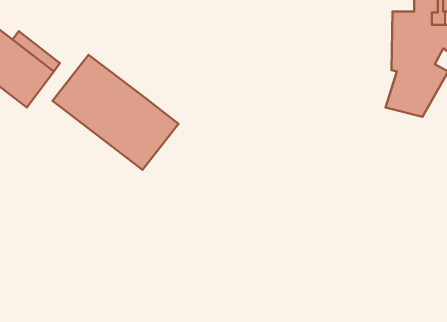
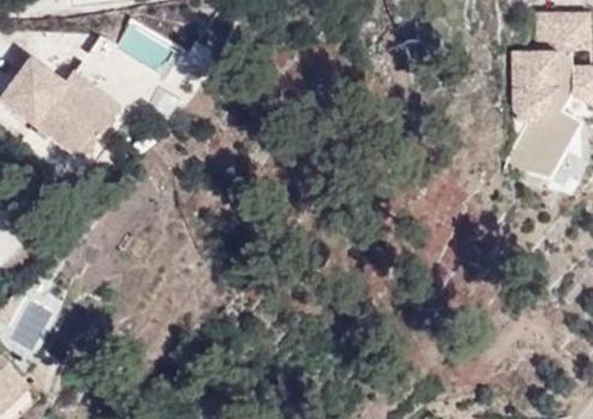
building: [52,55,179,170] -> none

